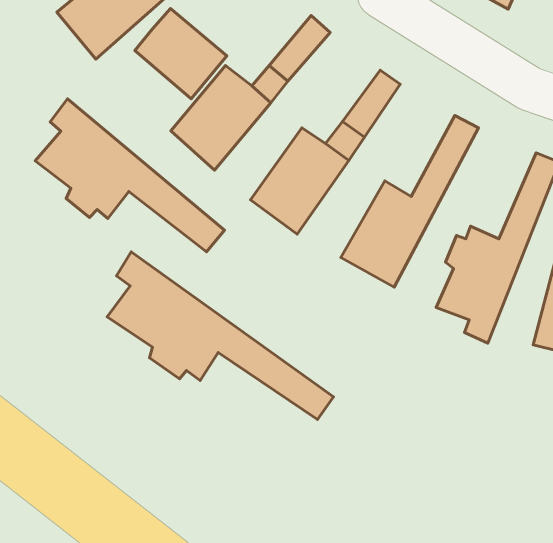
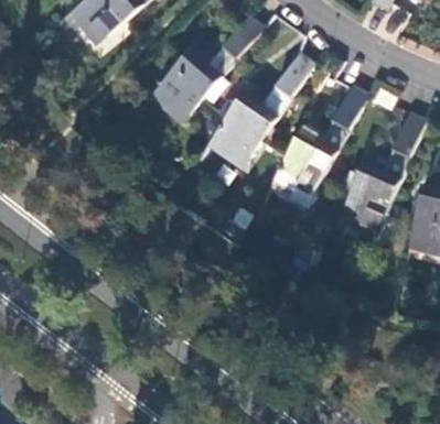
building: [135,9,227,99] -> none
building: [35,99,224,252] -> none
building: [107,252,334,419] -> none

